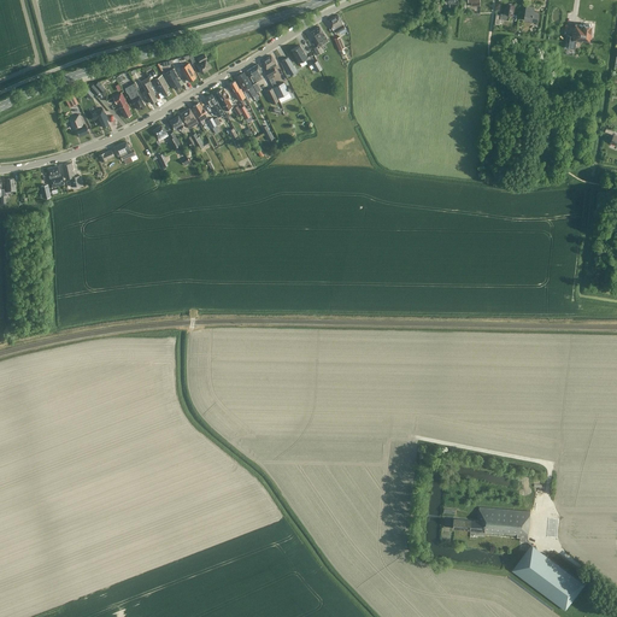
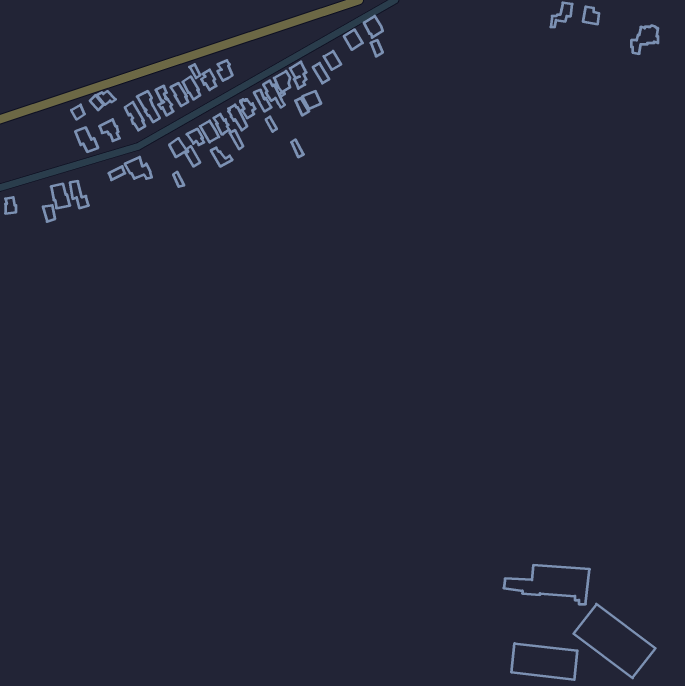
building: none -> [512,643,577,680]

